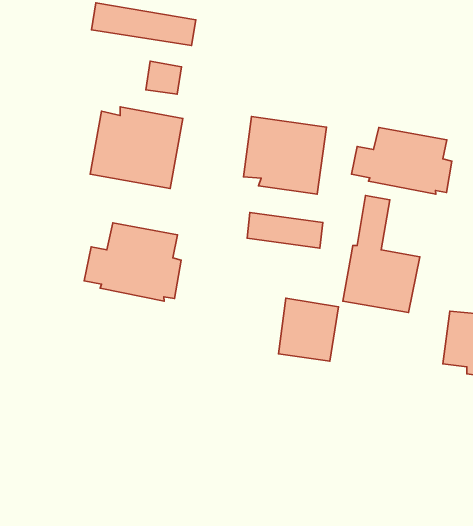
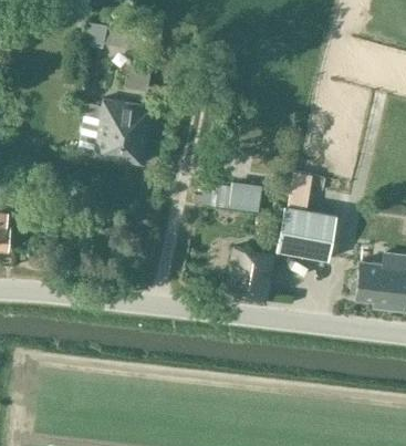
building: [243,117,326,194] -> none
building: [351,128,452,194] -> none
building: [84,223,181,301] -> none

